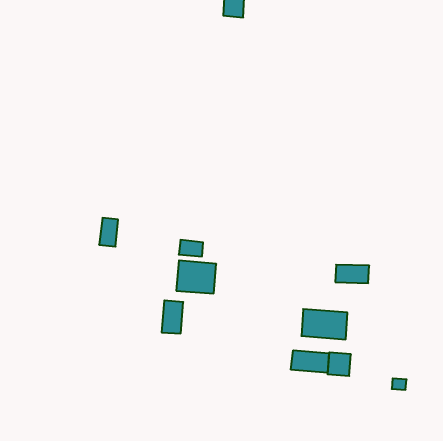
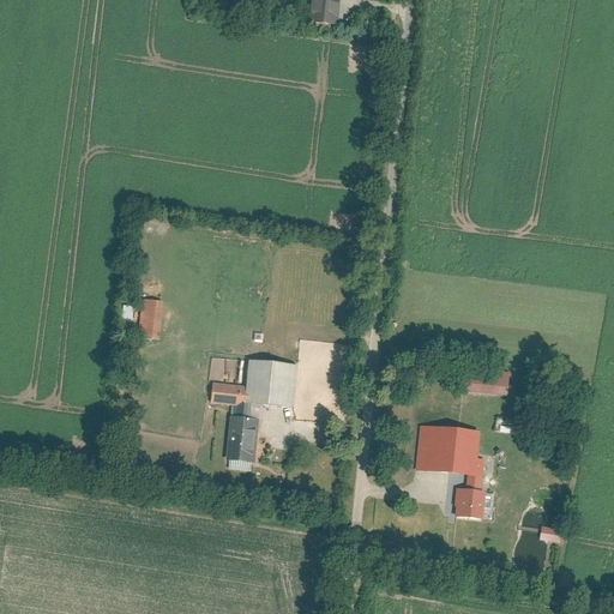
building: [179,240,203,256] -> [211,381,245,404]
building: [291,350,329,373] -> none

